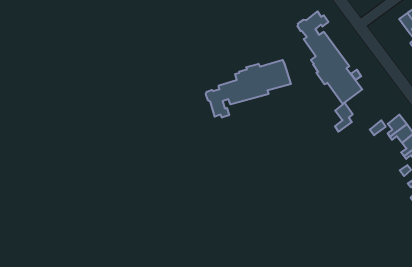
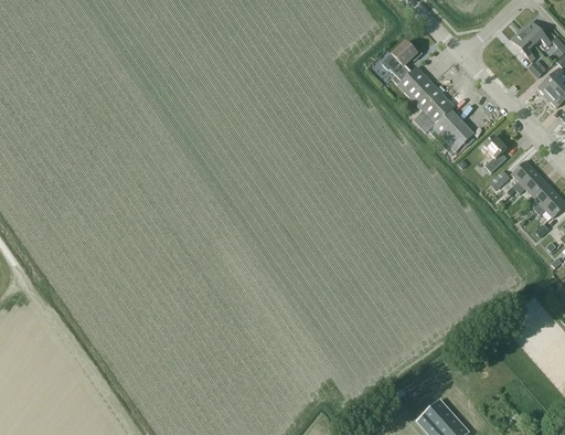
building: [206,60,291,118] -> none
building: [335,103,353,132] -> [483,135,507,172]

